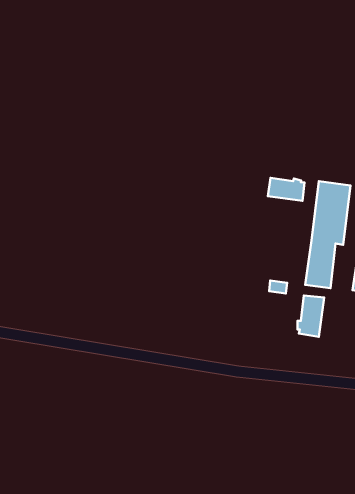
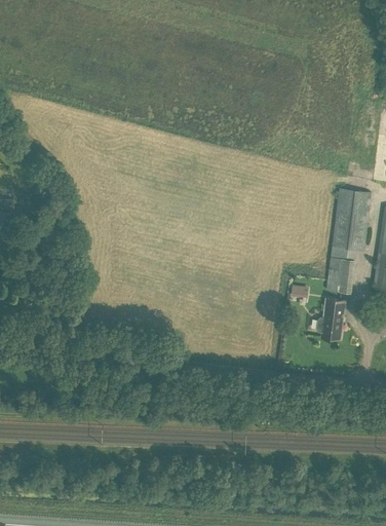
building: [268,178,305,201] -> none

